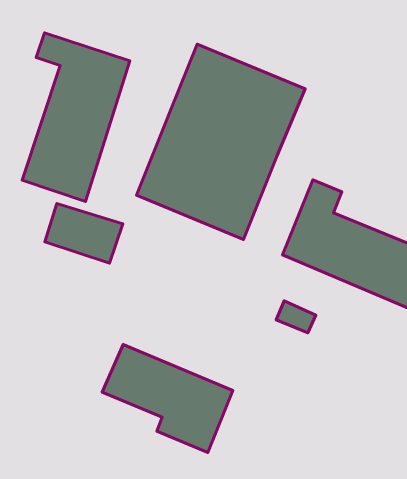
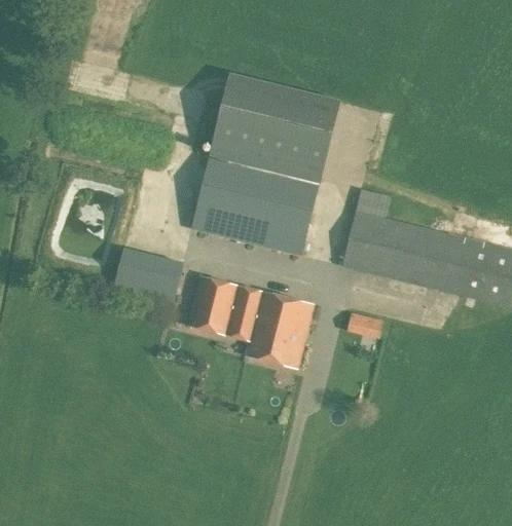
building: [22,33,130,202] -> none
building: [102,344,233,452] -> [187,275,314,368]

